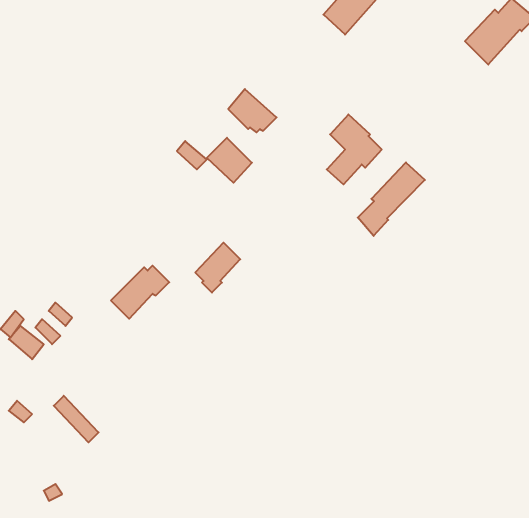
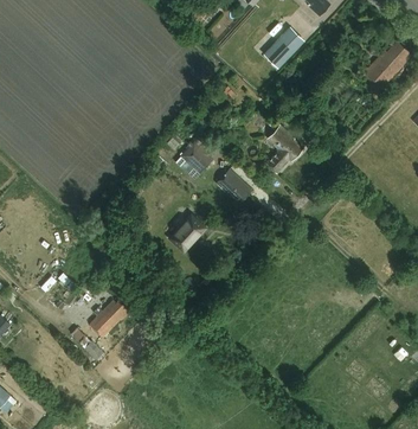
building: [228,89,277,132] -> [216,169,250,200]
building: [358,162,425,236] -> none
building: [111,266,169,319] -> [89,299,130,337]

